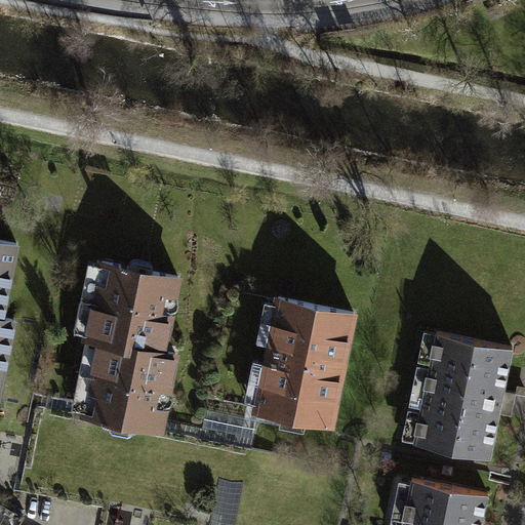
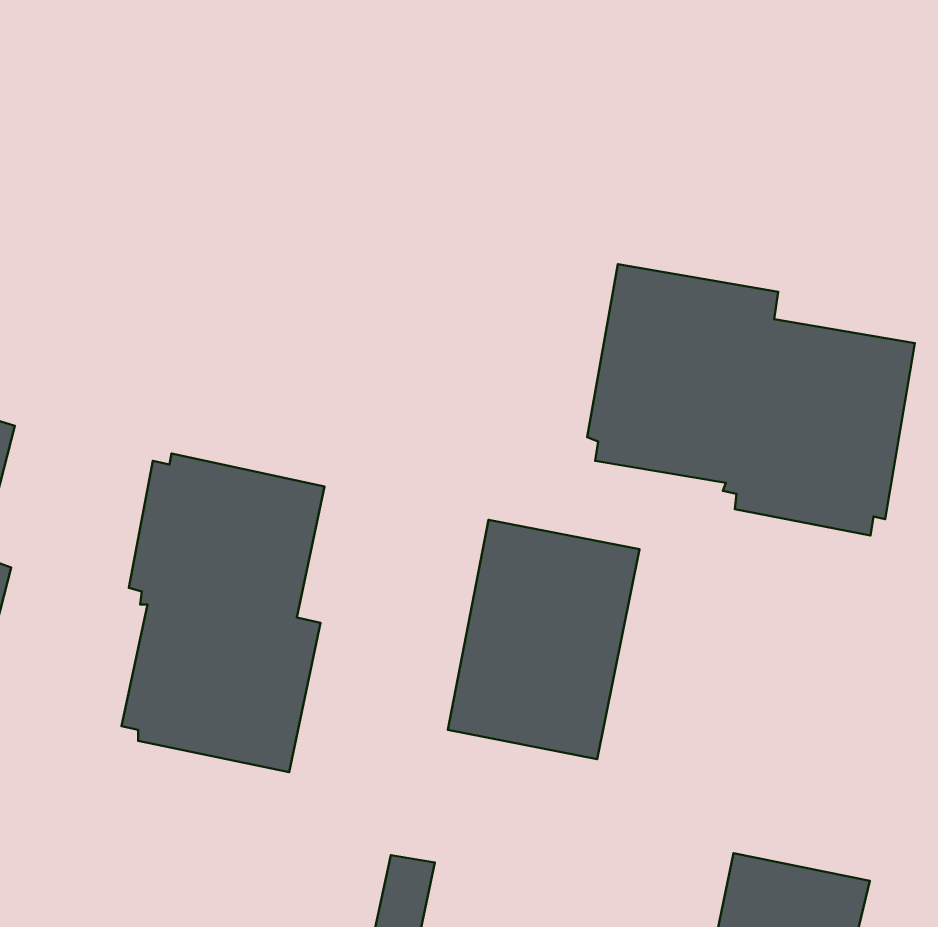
building: none -> [587,264,915,536]
building: [413,334,512,462] -> none

